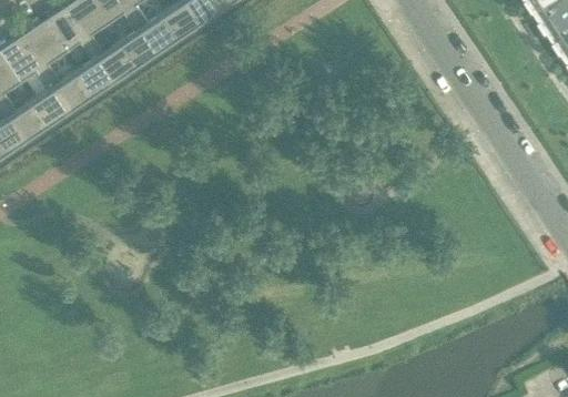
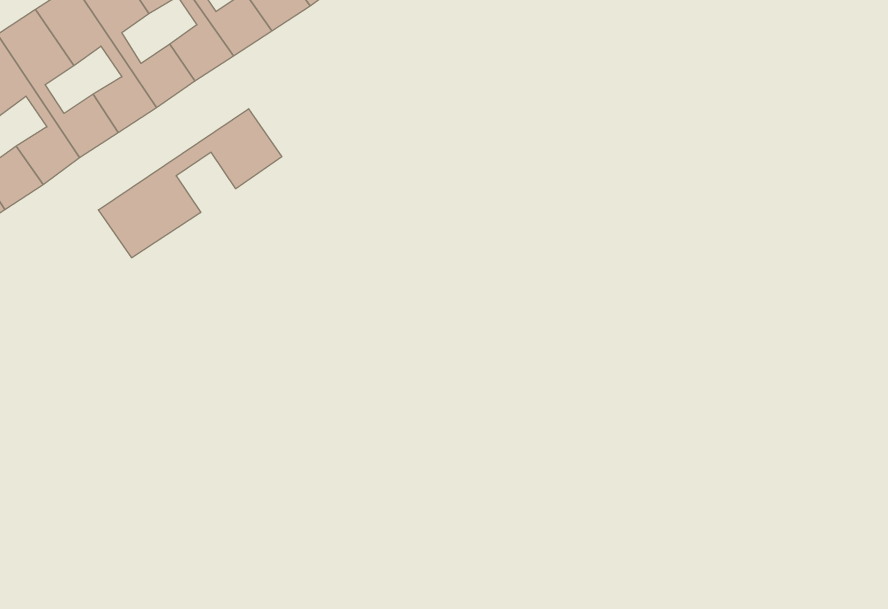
building: none -> [98,109,282,258]

